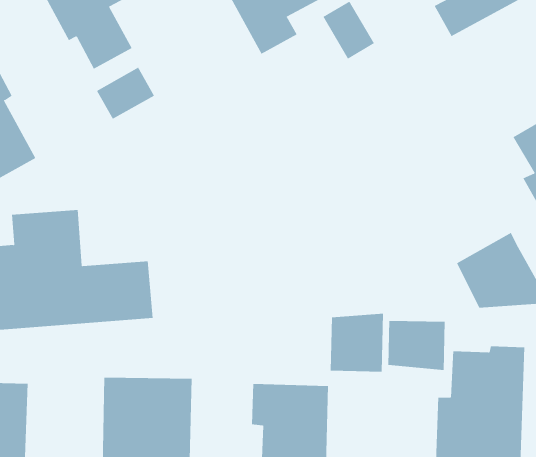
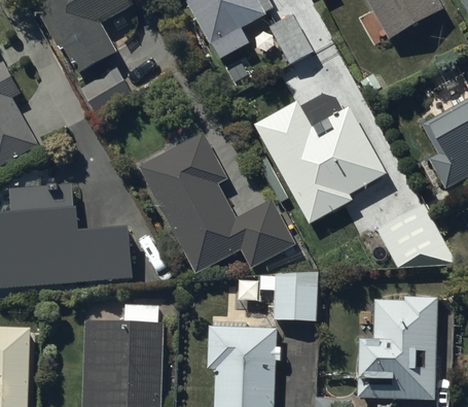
building: none -> [262,93,377,216]
building: none -> [144,139,292,269]
building: [388,320,445,371] -> none

